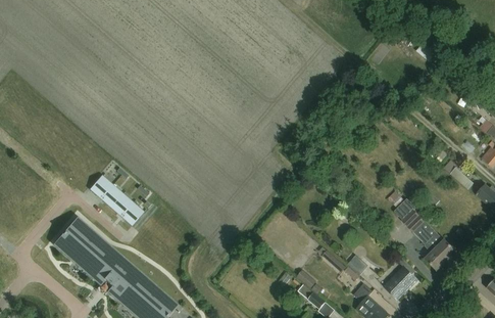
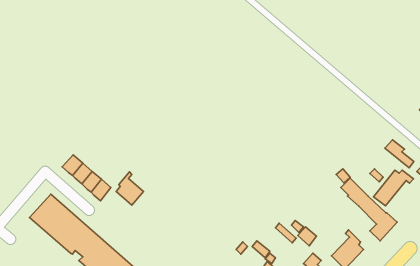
building: none -> [373,170,414,206]
building: none -> [116,172,144,205]

